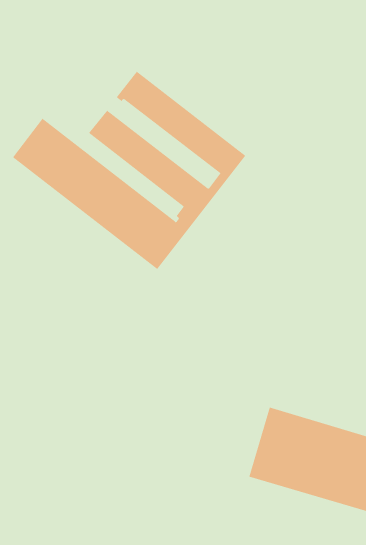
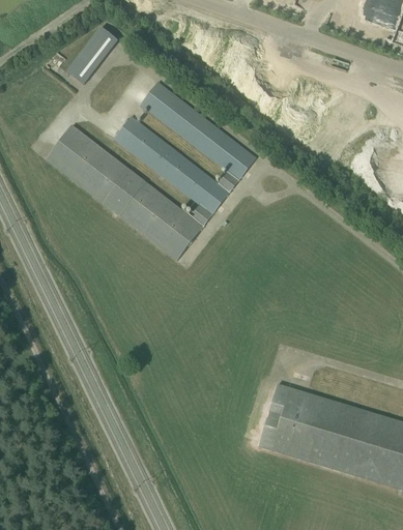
building: none -> [66,26,118,84]

